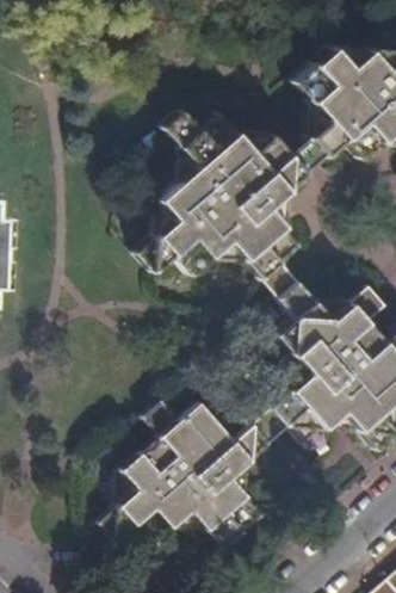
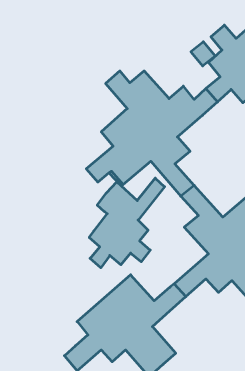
building: none -> [89,178,165,268]

